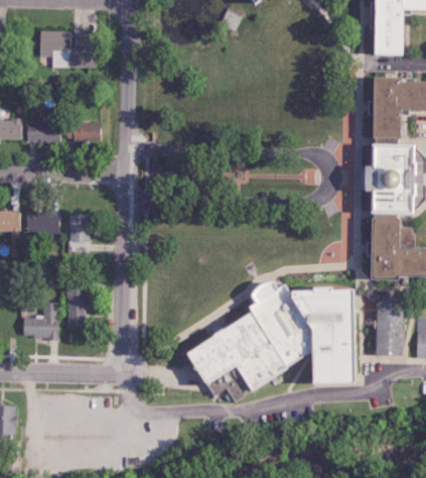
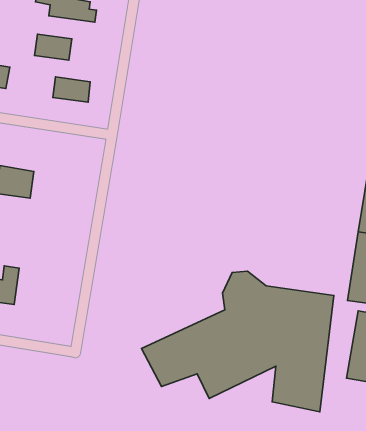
building: [28,121,60,141] -> [34,34,72,60]
building: [70,213,92,250] -> none
building: [68,281,88,327] -> none

